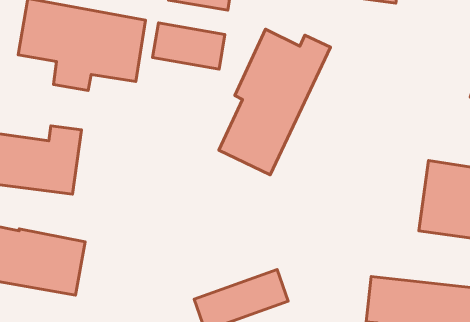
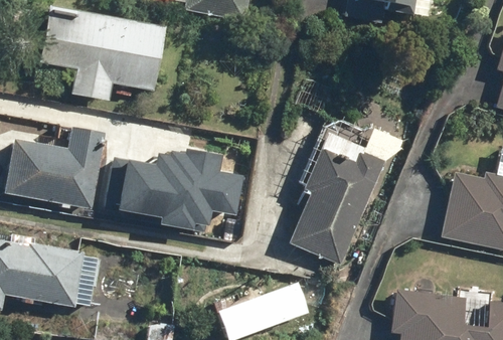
building: [153,23,225,69] -> none
building: [219,29,331,175] -> [285,118,398,266]
building: none -> [112,147,245,232]

